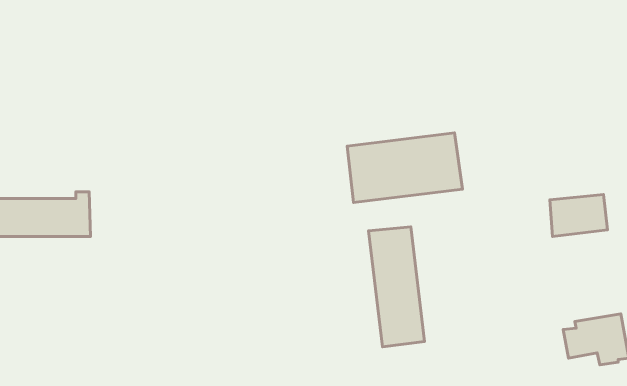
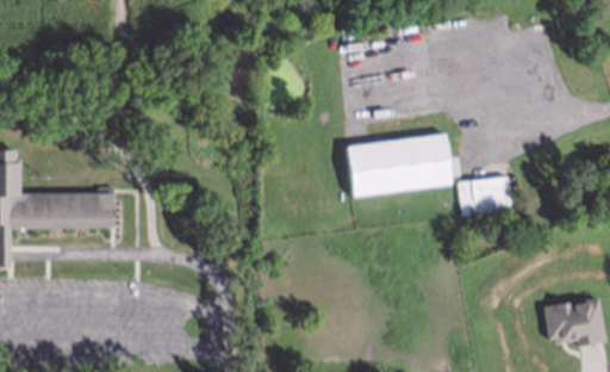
building: [550,194,607,236] -> [456,174,509,212]
building: [368,227,425,347] -> none

